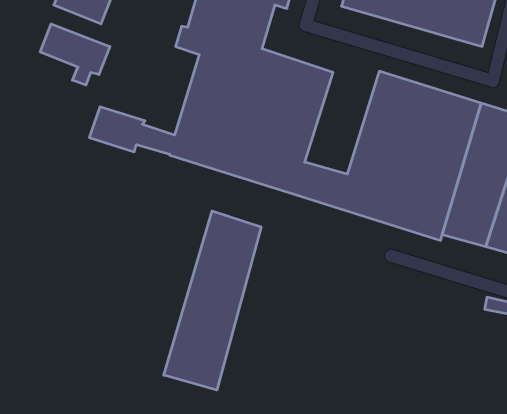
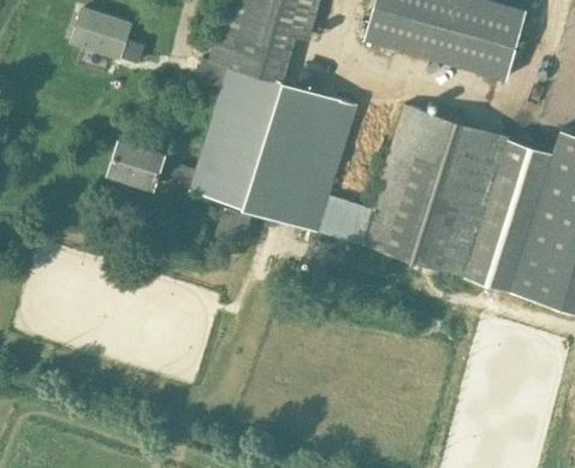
building: [40,24,110,85] -> none
building: [164,211,261,390] -> none

